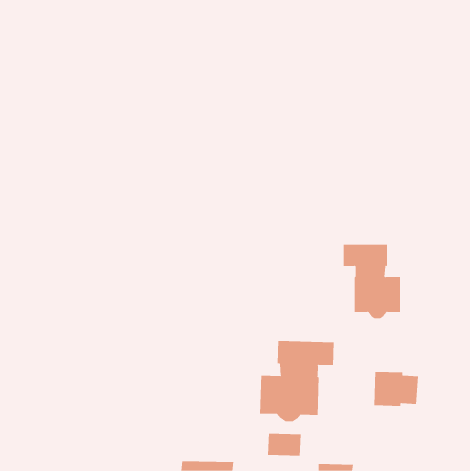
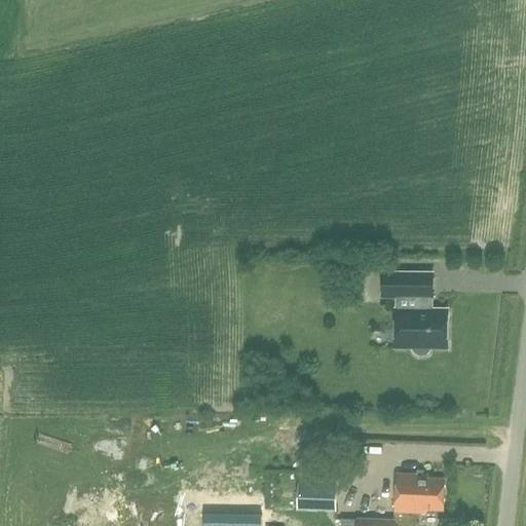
building: [260,340,334,422] -> none
building: [374,371,419,406] -> [394,476,445,515]

